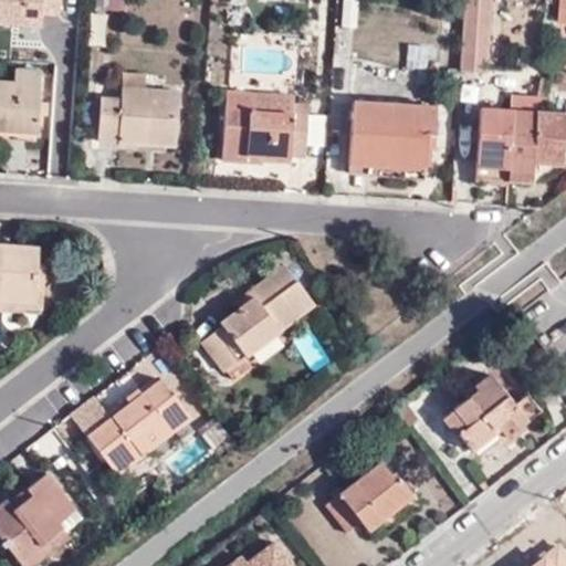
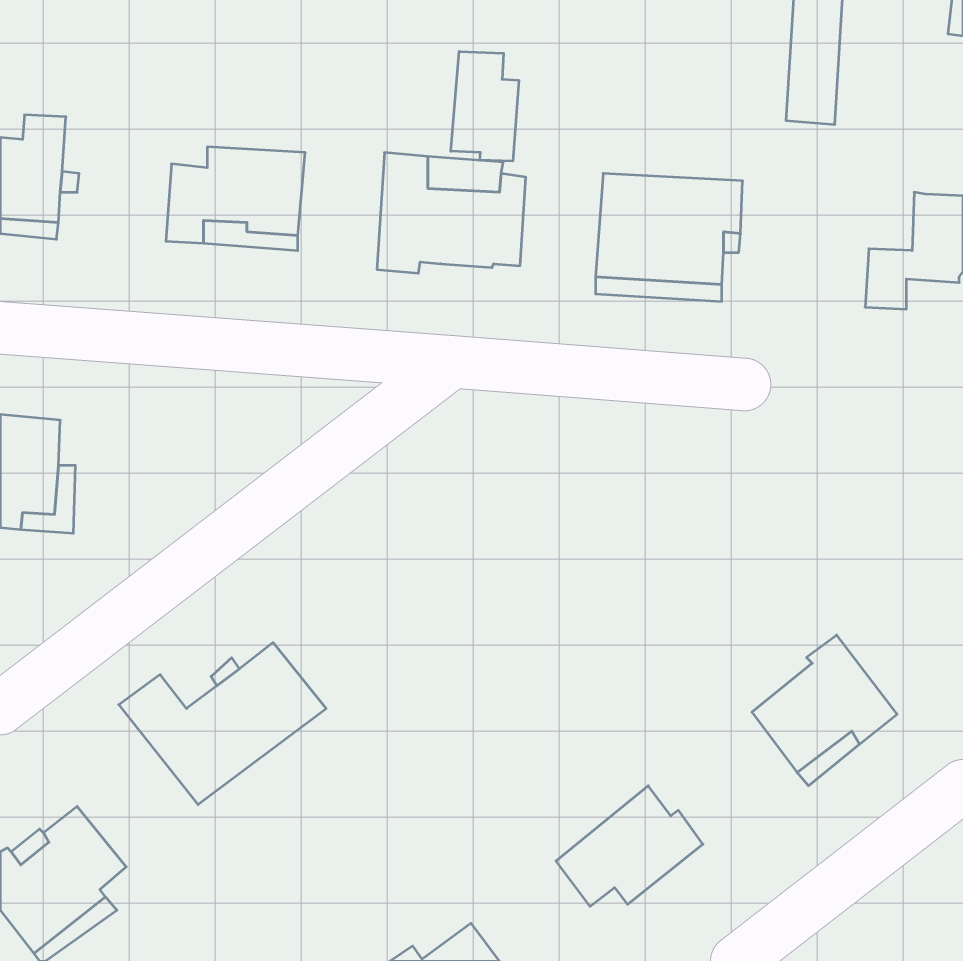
building: none -> [451,51,519,161]
building: [475,108,536,185] -> none
building: [201,264,314,379] -> none

